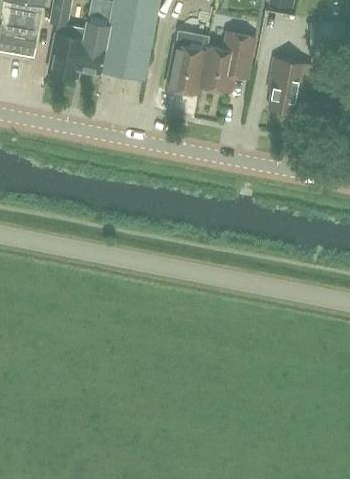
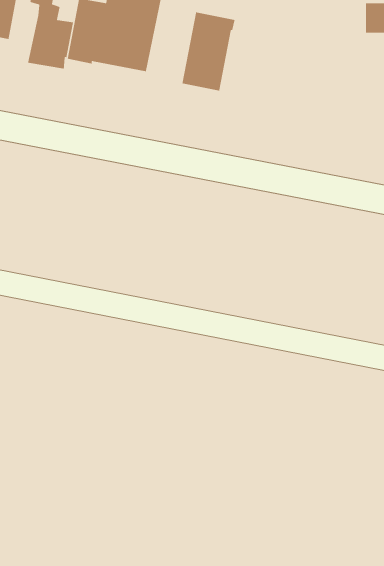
building: [198,33,255,94] -> none
building: [269,58,314,116] -> none

